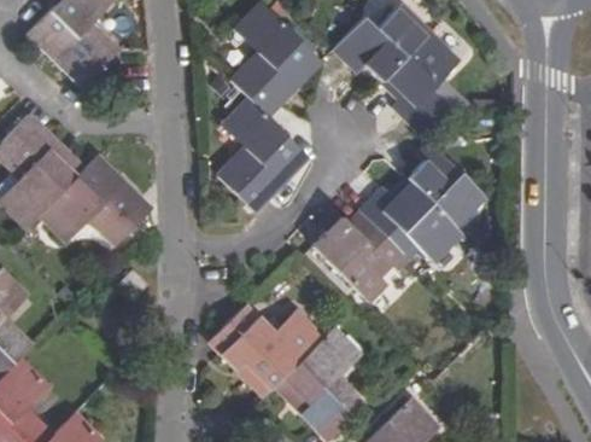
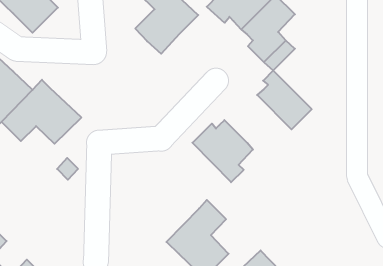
building: [217,99,306,211] -> none
building: [358,176,455,256] -> none
building: [211,307,322,397] -> none

